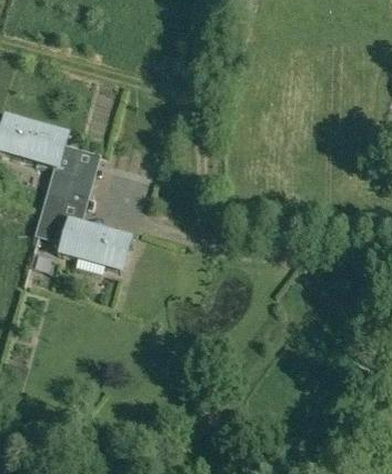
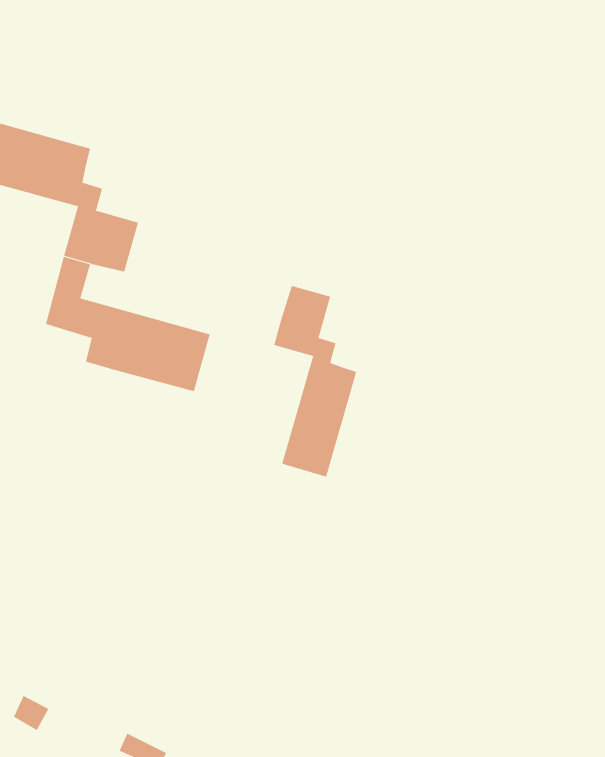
building: none -> [273,285,357,477]

